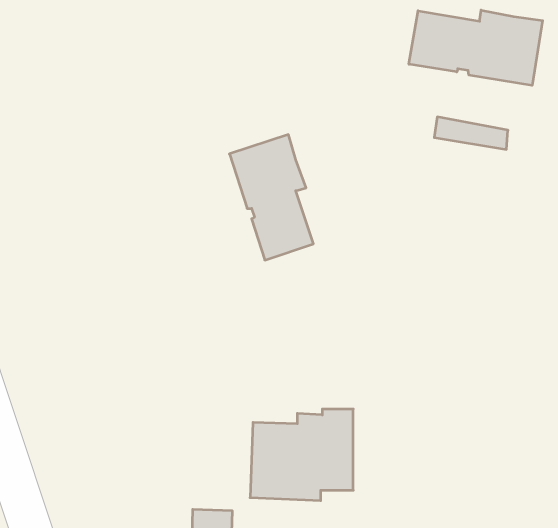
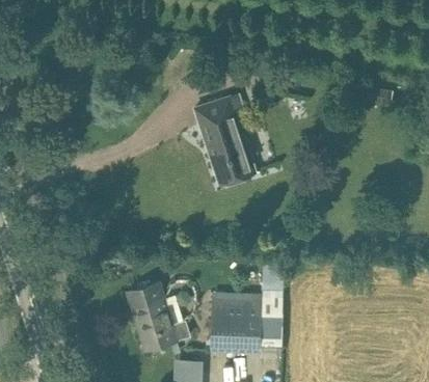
building: [409,10,543,85] -> none
building: none -> [128,282,190,351]

